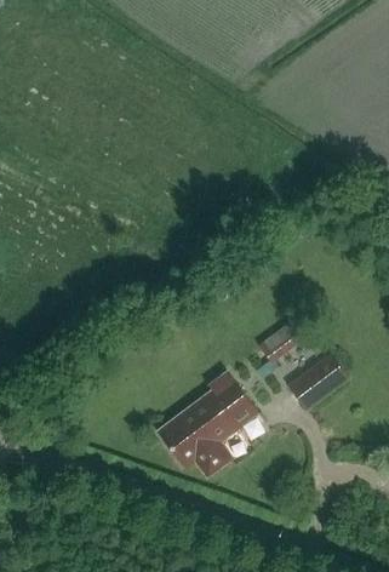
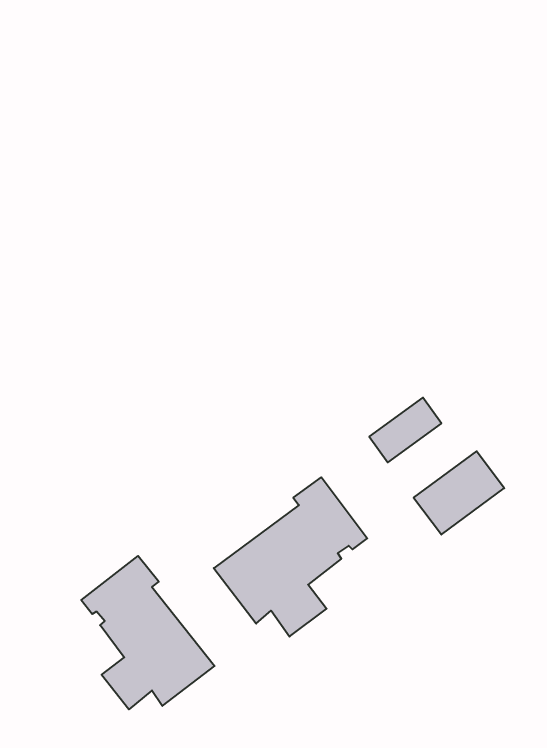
building: none -> [81,556,215,709]

